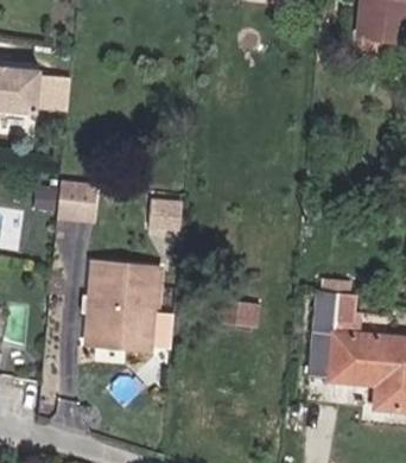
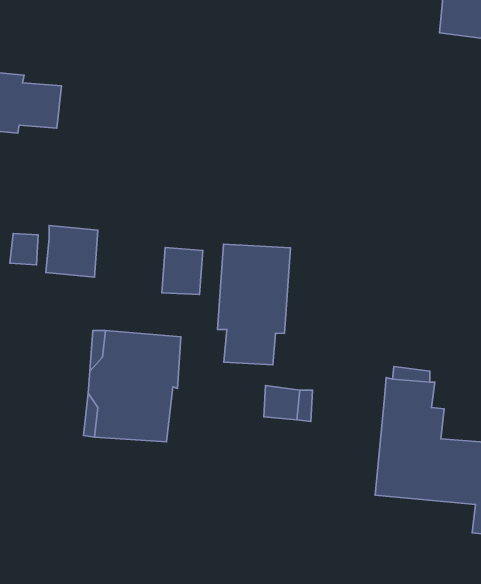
building: none -> [218,244,290,365]

